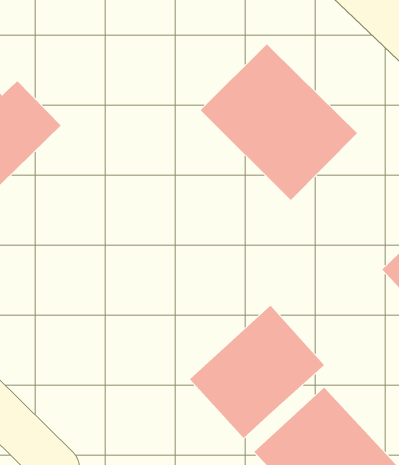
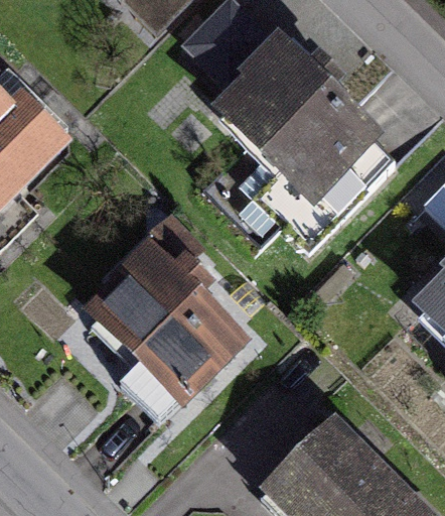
building: none -> [82,233,245,397]
building: [189,305,325,439] -> none

